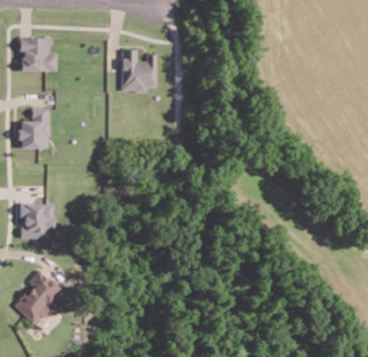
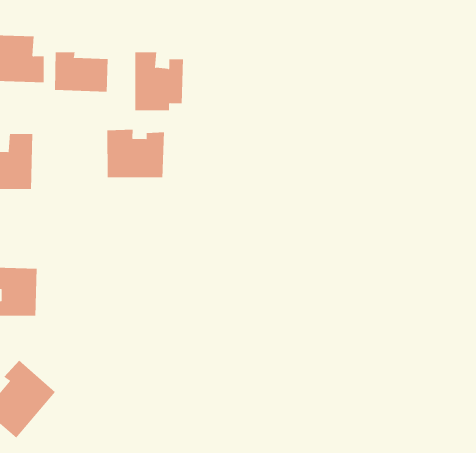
building: none -> [55,52,108,93]
building: none -> [107,129,164,178]

